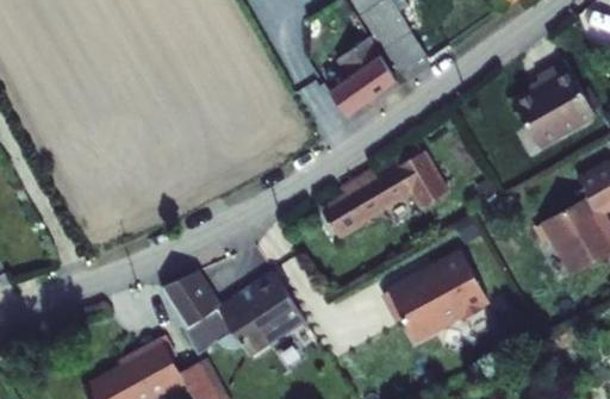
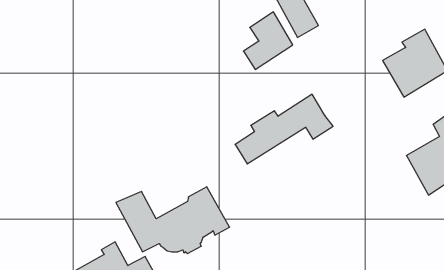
building: [388,260,493,345] -> none

